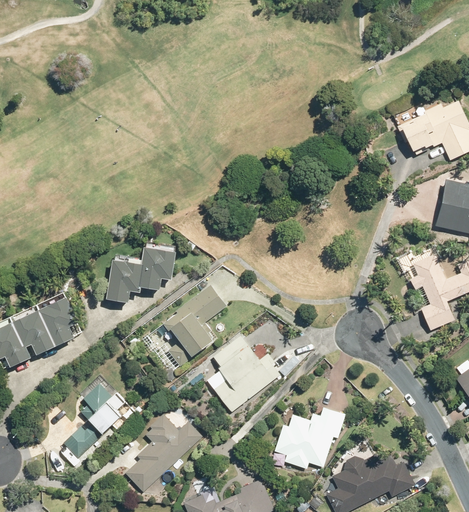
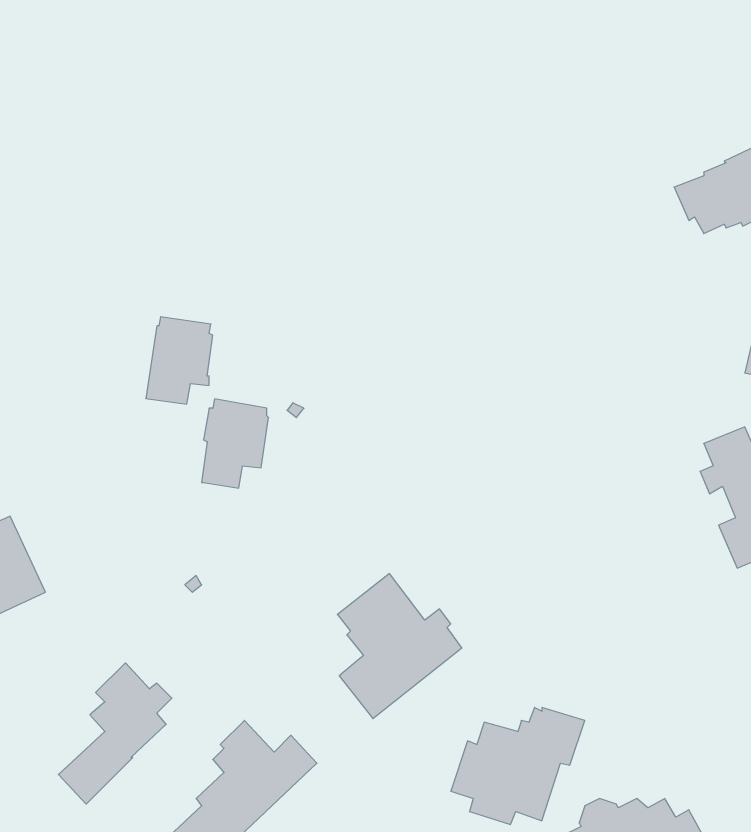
building: [108,253,144,300] -> [146,317,213,404]
building: [164,284,227,366] -> none
building: [38,291,83,344] -> none

